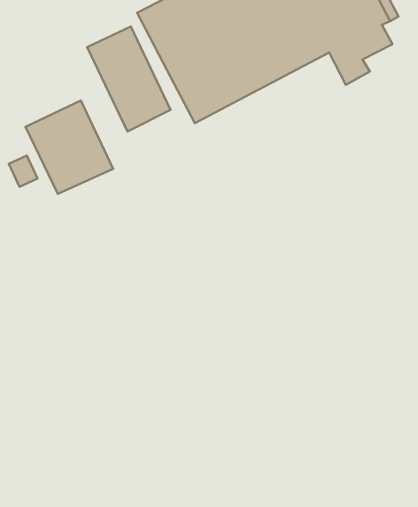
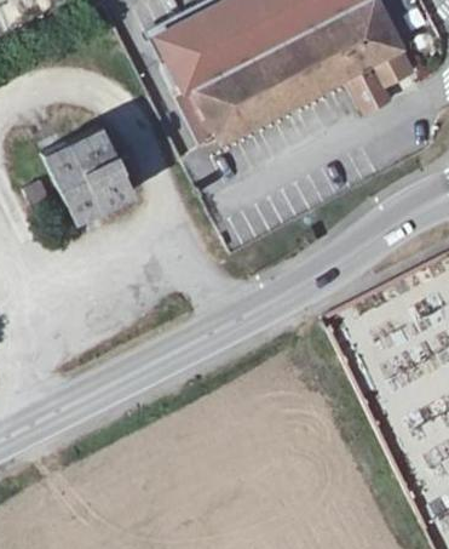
building: [87,26,170,132] -> none

